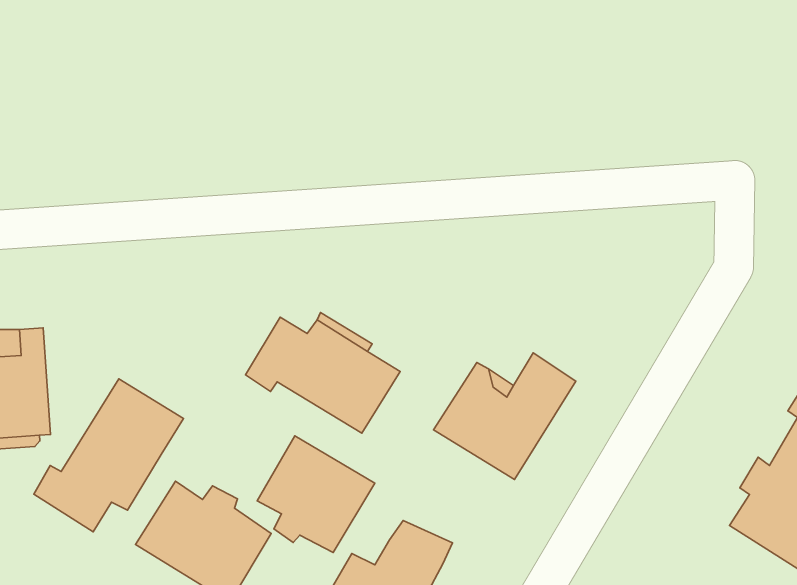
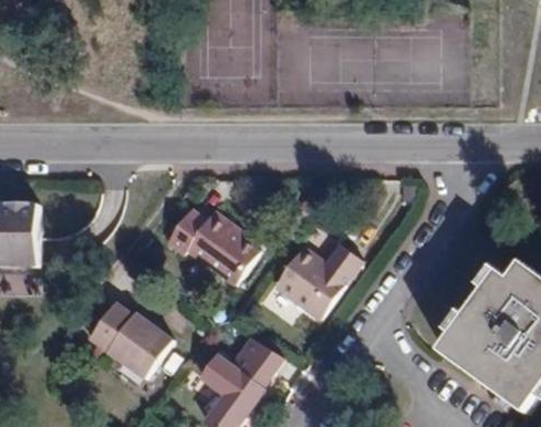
building: [34,379,184,532] -> none
building: [257,436,375,552] -> none

